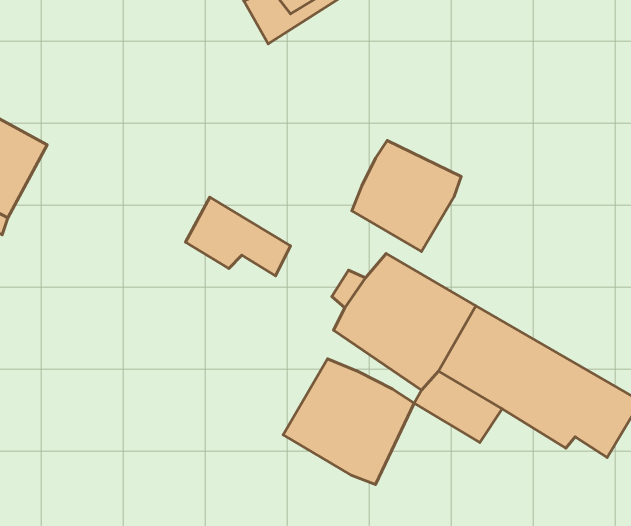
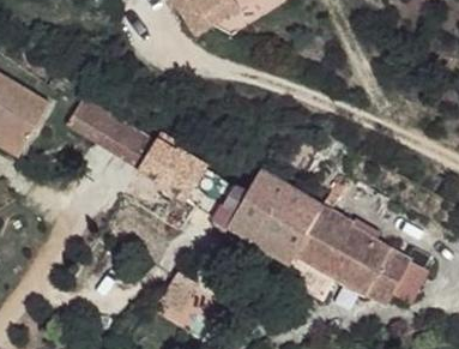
building: none -> [67,95,150,166]
building: [352,141,461,251] -> none
building: [283,359,414,484] -> none

